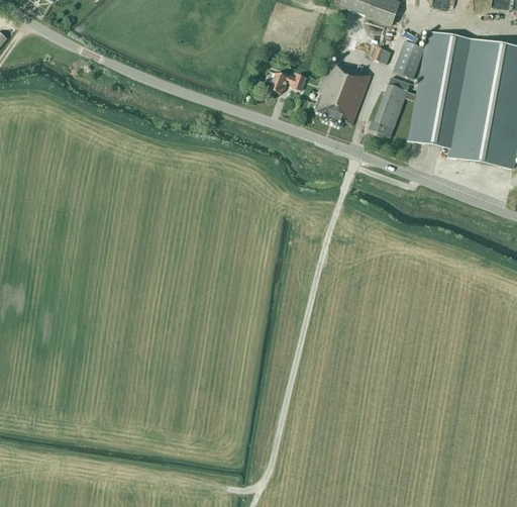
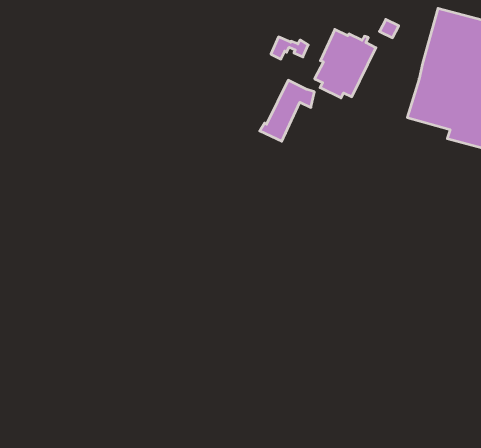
building: [394,40,425,78] -> none
building: [369,77,418,136] -> [260,80,314,141]

